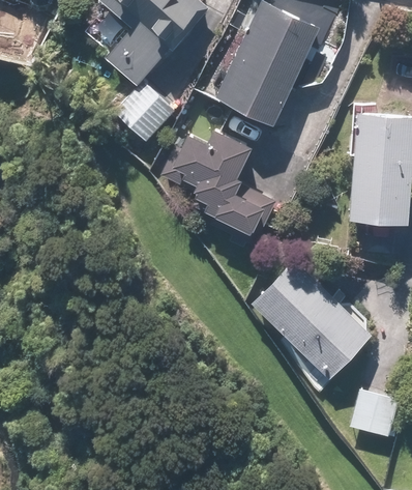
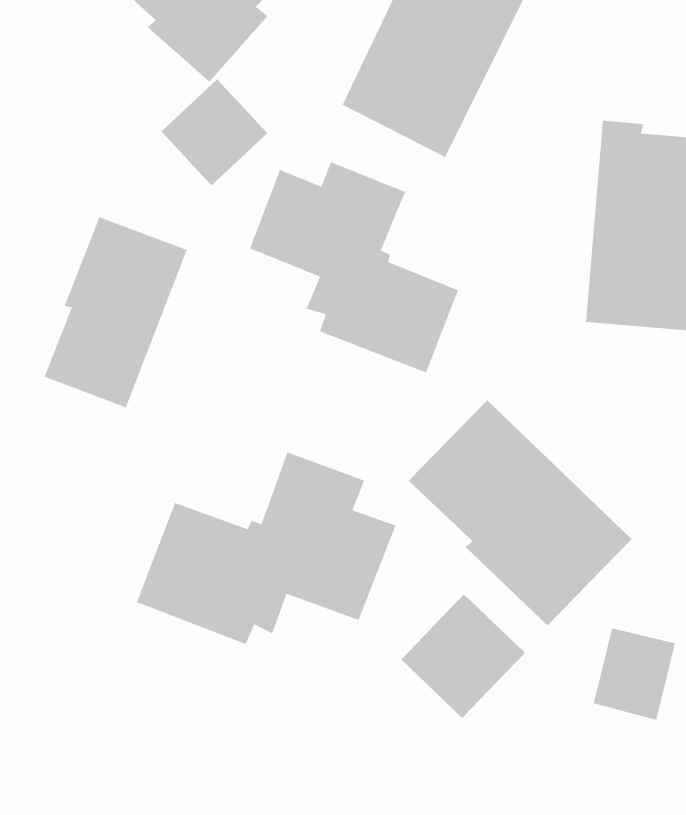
building: none -> [44,216,187,408]
building: none -> [136,451,396,645]
building: none -> [401,594,526,719]

